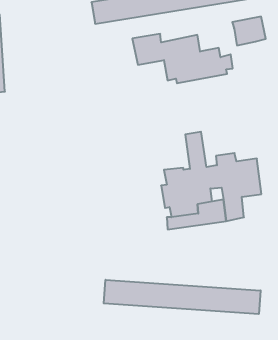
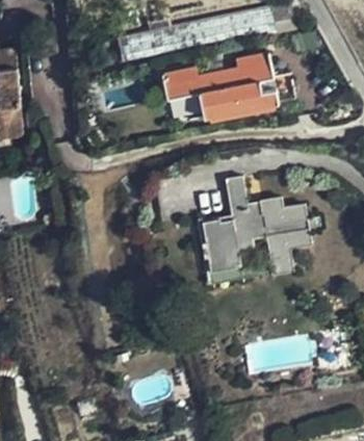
building: [232,17,266,45] -> [236,54,274,86]
building: [104,280,261,314] -> none

